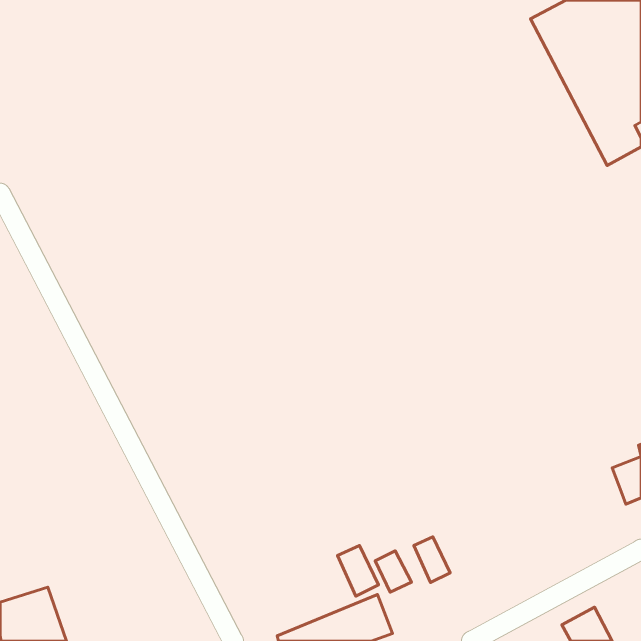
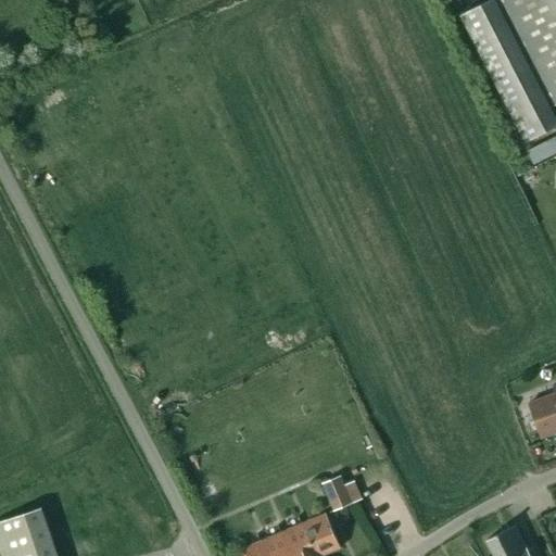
building: [414,537,450,582] -> none
building: [338,545,378,596] -> none

